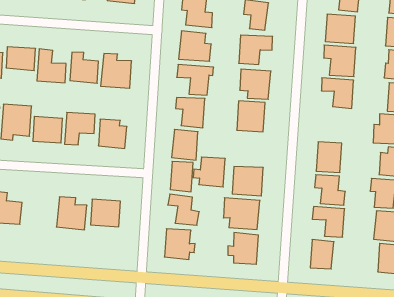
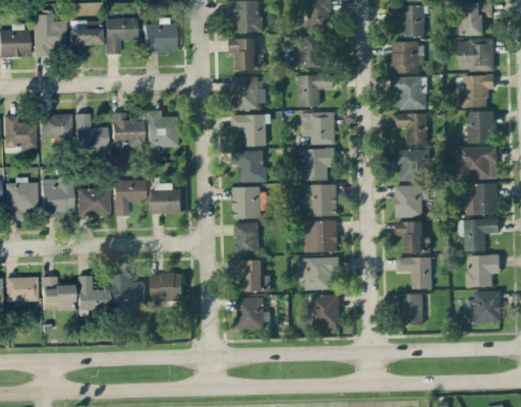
building: none -> [394,149,429,181]
building: [193,157,225,187] -> [303,184,338,216]
building: none -> [77,275,110,309]

